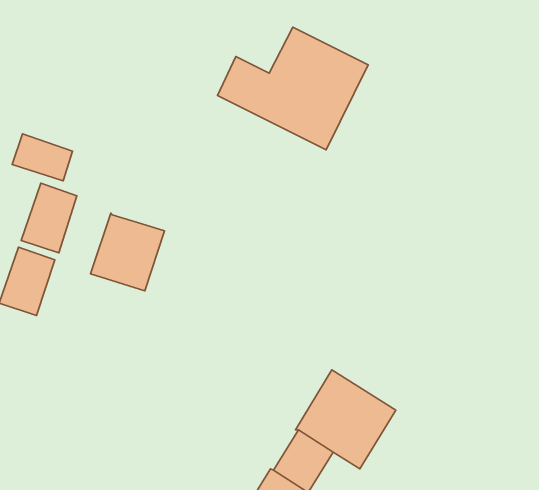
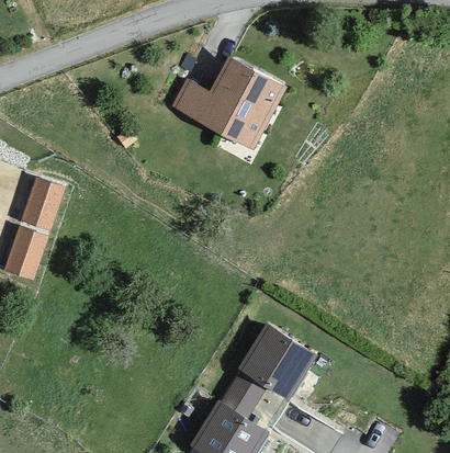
building: [12,134,72,181] -> none
building: [91,213,164,291] -> none

